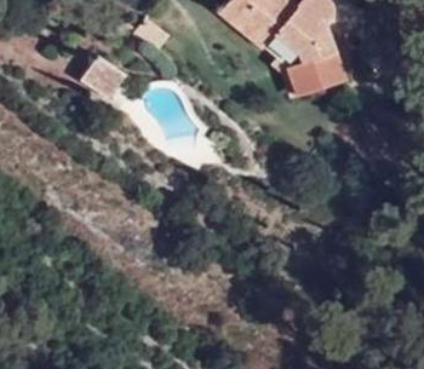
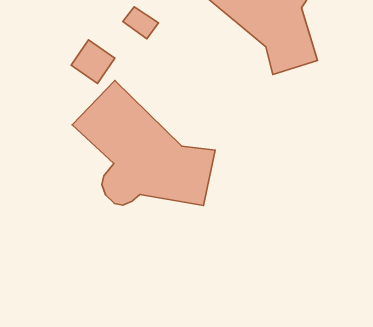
building: none -> [72,80,215,206]

